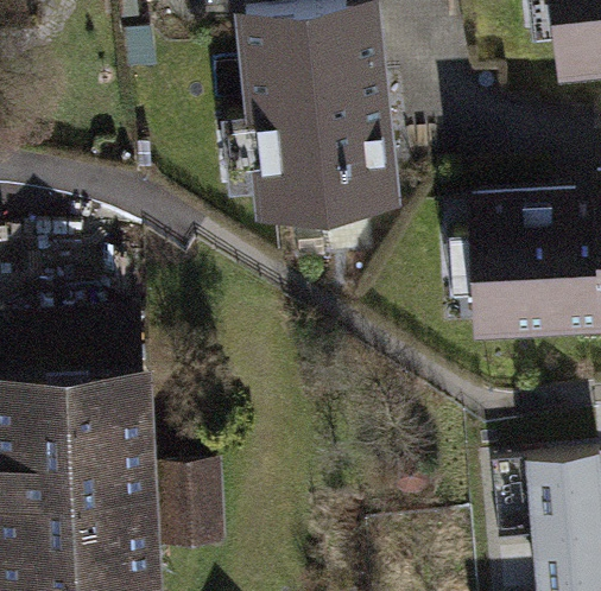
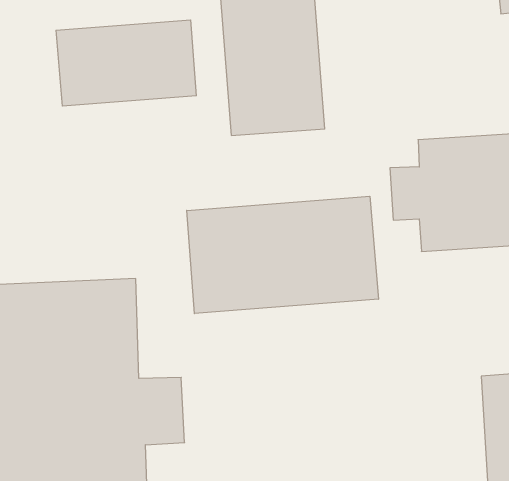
building: none -> [56,20,196,106]
building: none -> [187,196,378,314]

